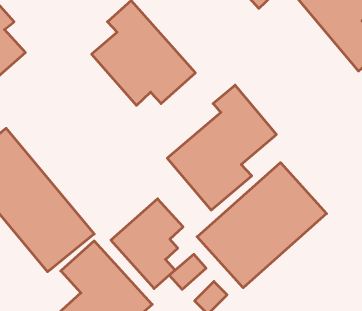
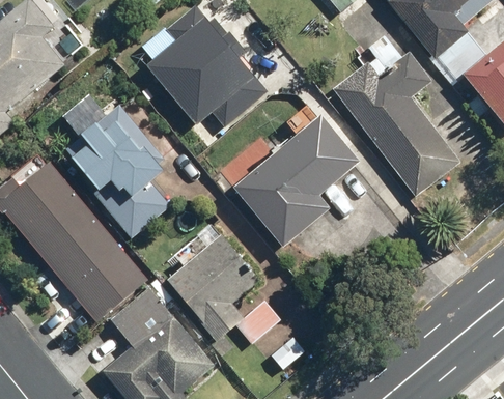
building: none -> [331,51,459,195]
building: none -> [72,103,173,237]
building: [197,163,327,288] -> none

